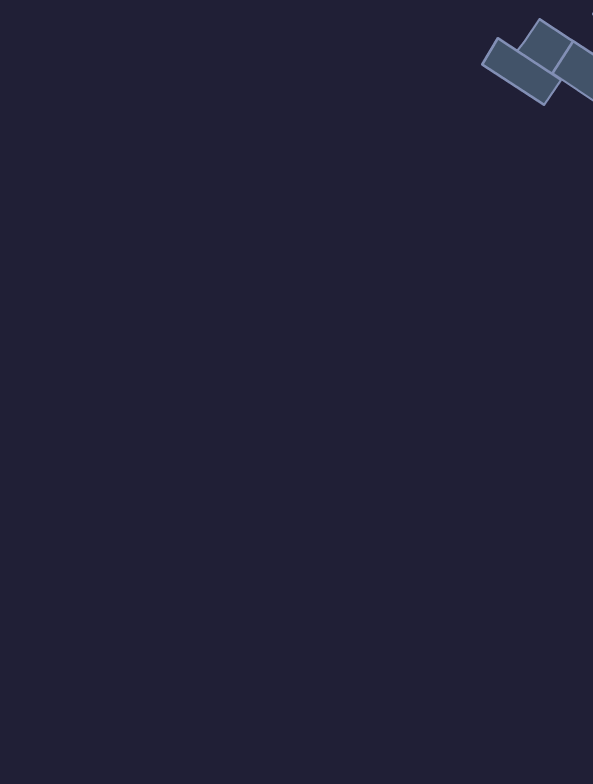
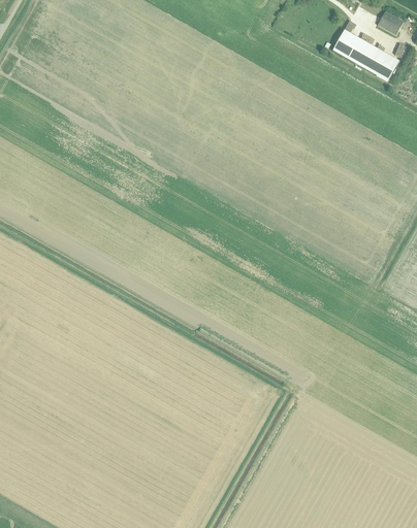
building: [482,38,561,105] -> none

